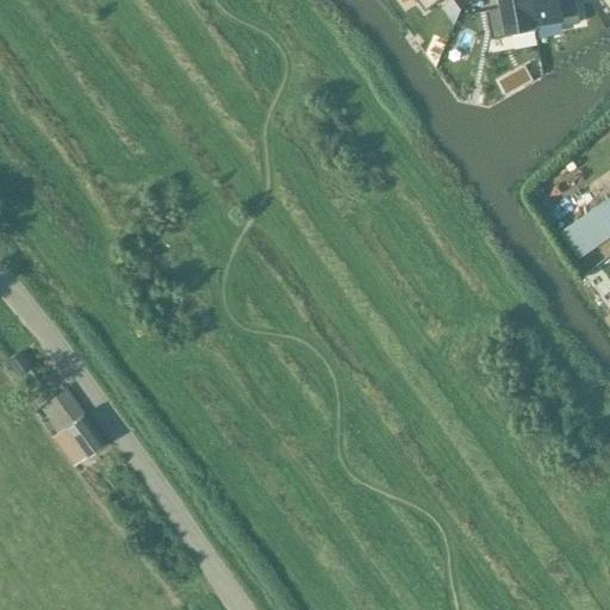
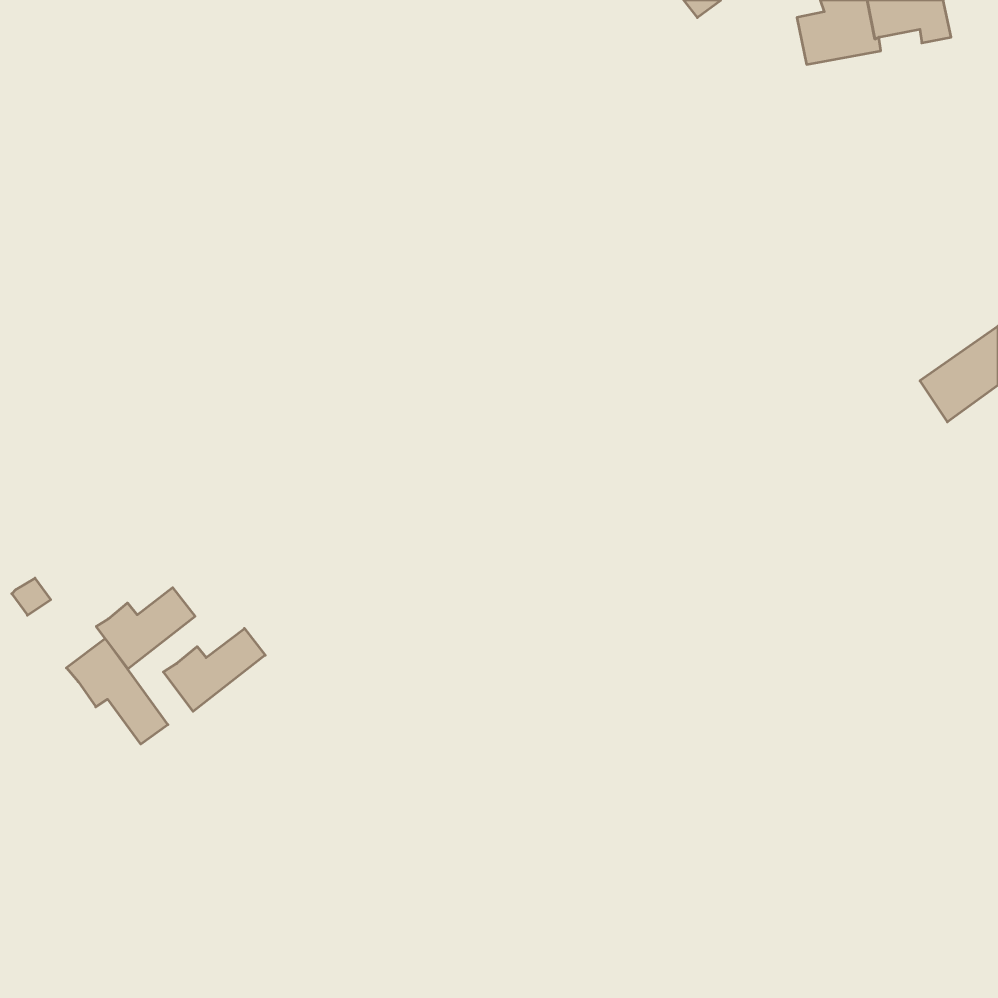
building: none -> [96,588,195,669]
building: none -> [163,628,265,711]

